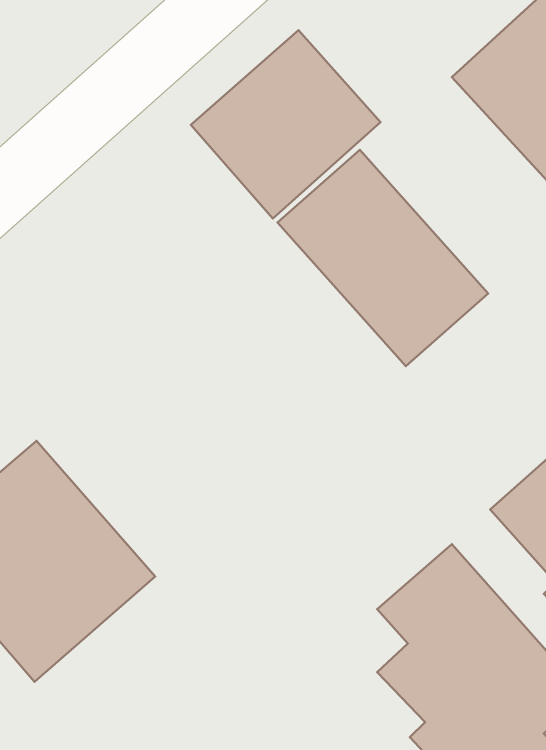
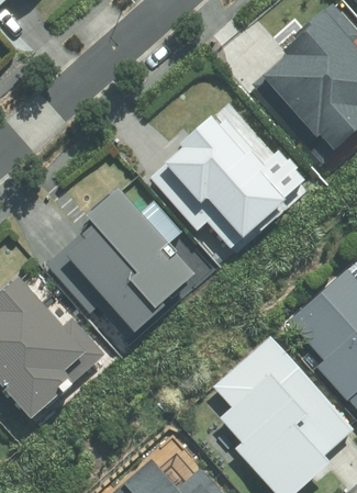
building: [191,30,381,218] -> none
building: none -> [57,192,197,332]

